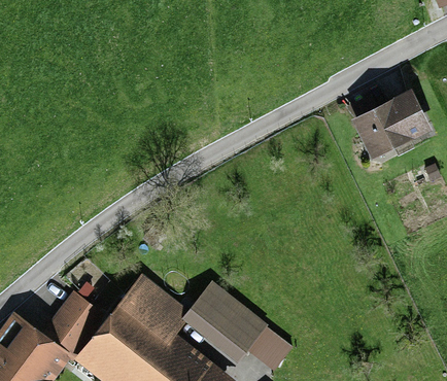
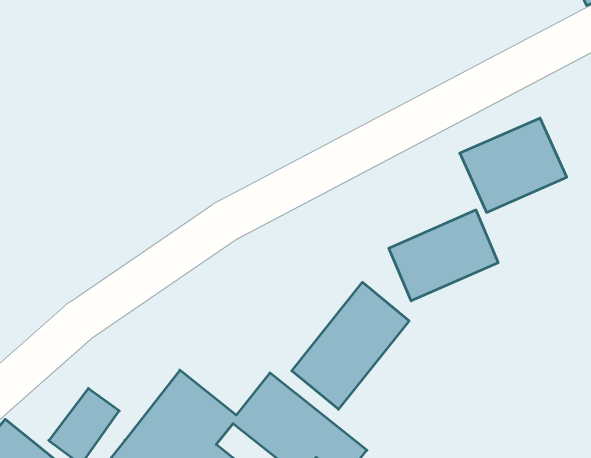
building: none -> [389,210,498,301]
building: none -> [292,282,409,409]

